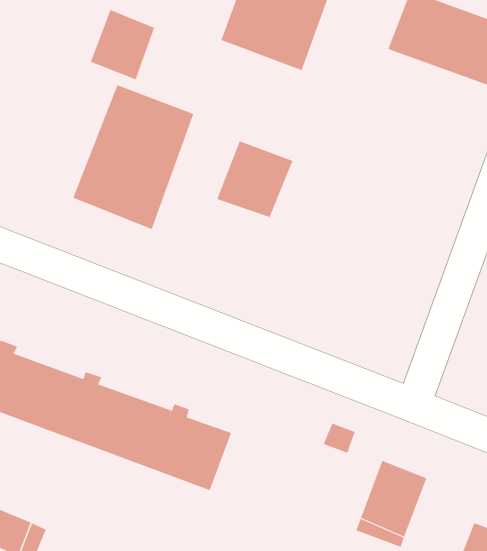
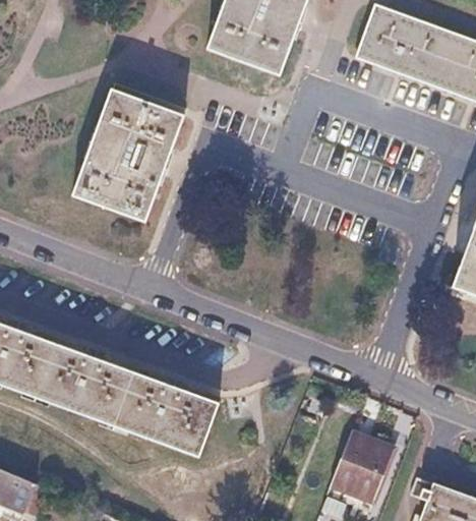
building: [90,9,155,80] -> none
building: [217,140,293,218] -> none

